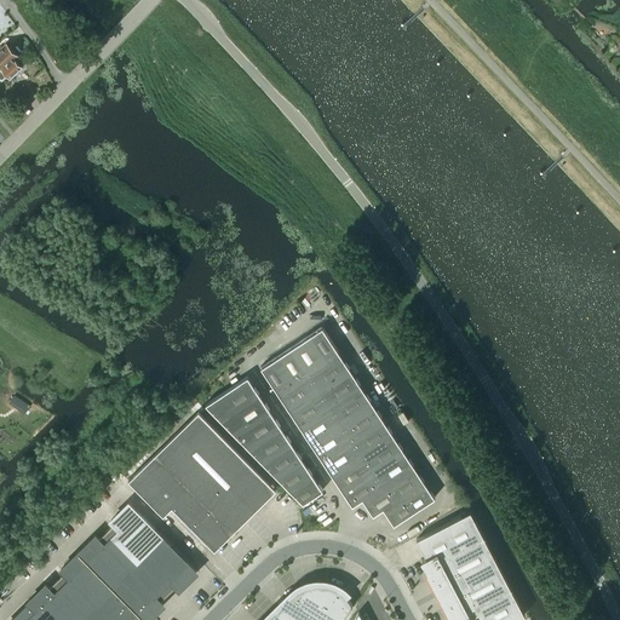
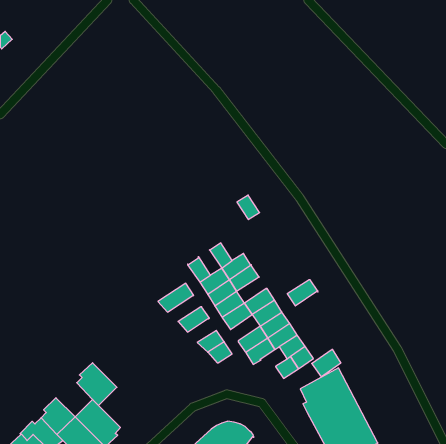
building: [306,331,338,364] -> [237,195,260,220]
building: [276,350,308,385] -> none
building: [205,379,258,421] -> none
building: [328,388,371,424] -> [287,280,318,306]
building: [232,413,280,449] -> none
building: [128,414,276,553] -> none
building: [320,440,361,477] -> none
building: [260,444,300,478] -> none
building: [361,484,398,518] -> none
building: none -> [312,349,341,377]
building: [78,534,128,581] -> none
building: [137,540,196,596] -> none

